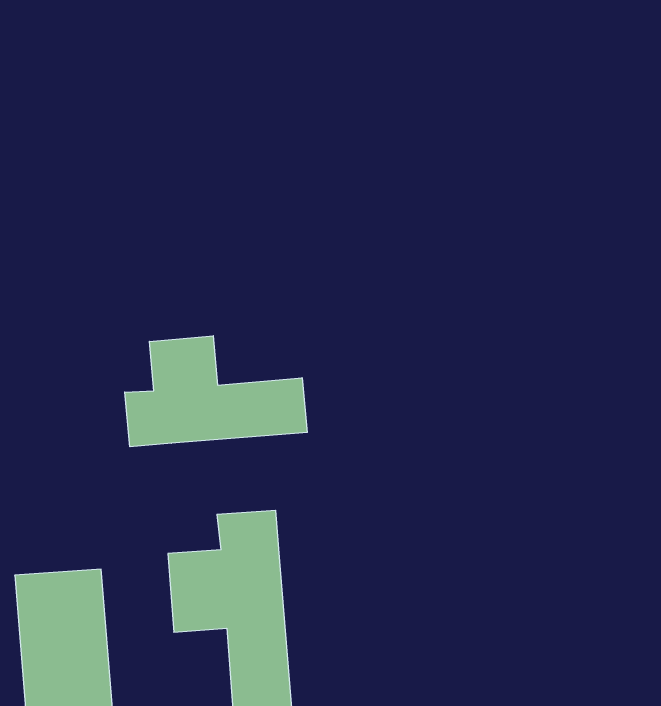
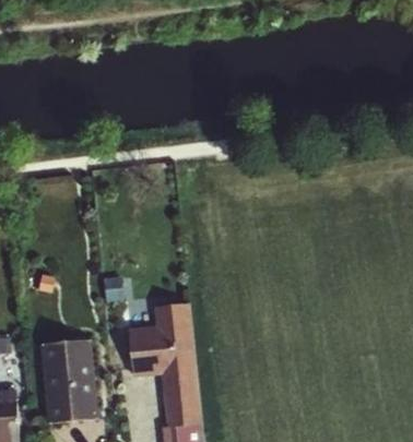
building: [125,336,307,447] -> none

